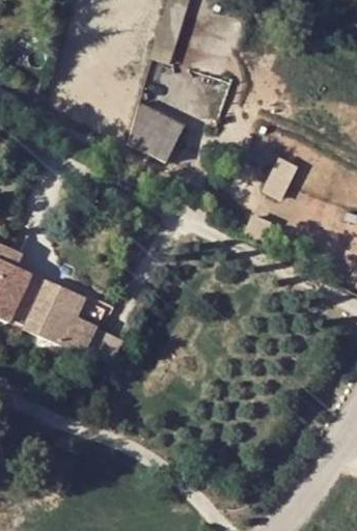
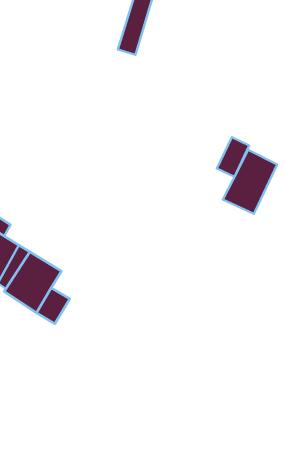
building: [125,109,169,160] -> none
building: none -> [223,150,277,214]

